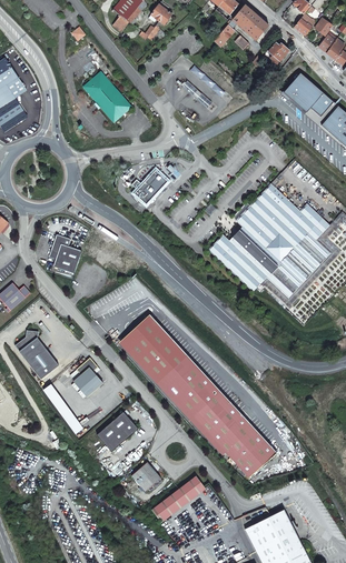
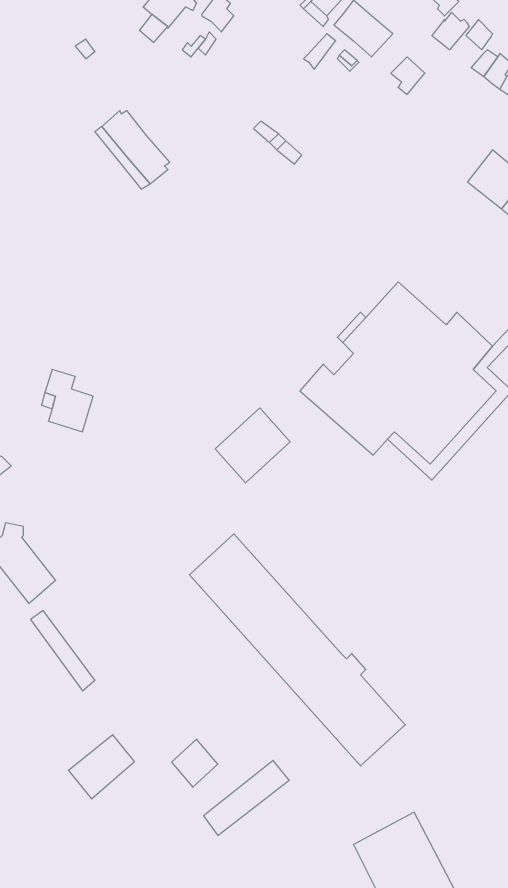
building: [281,71,330,118] -> none
building: [134,165,170,203] -> none
building: [122,315,169,362] -> [215,408,290,483]
building: [72,359,102,396] -> none
building: [96,413,137,453] -> [68,735,134,799]

